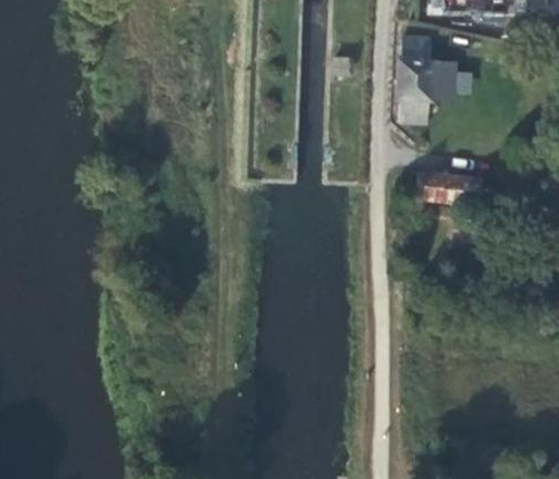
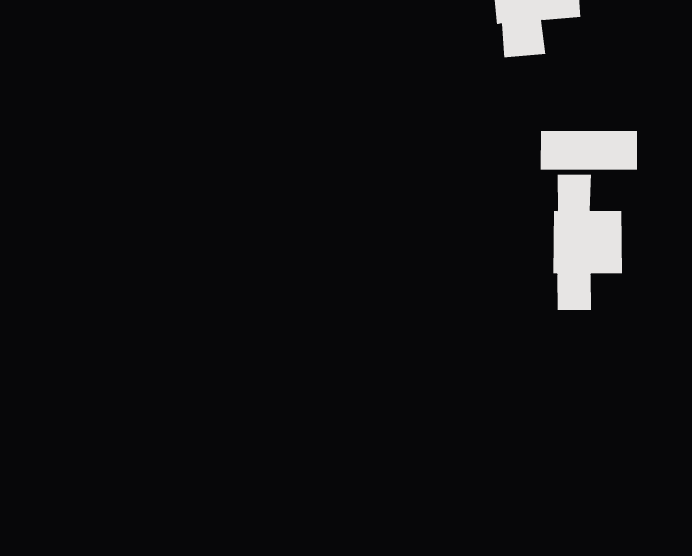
building: none -> [553,174,623,311]

